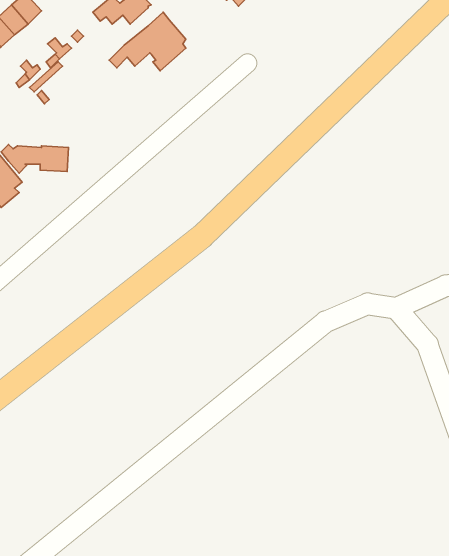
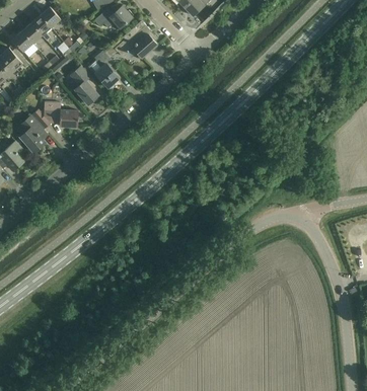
building: none -> [94,46,119,87]
building: none -> [70,65,98,105]

